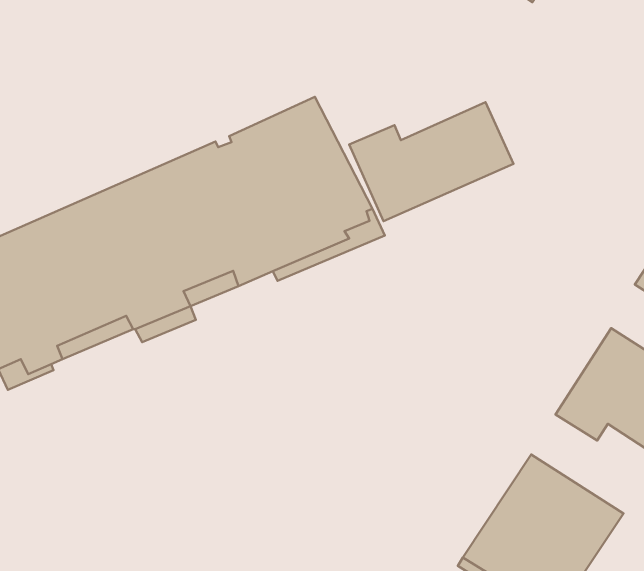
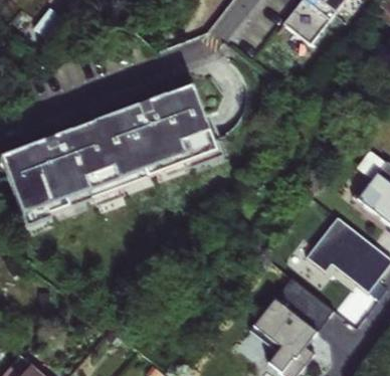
building: [349,102,514,221] -> none

